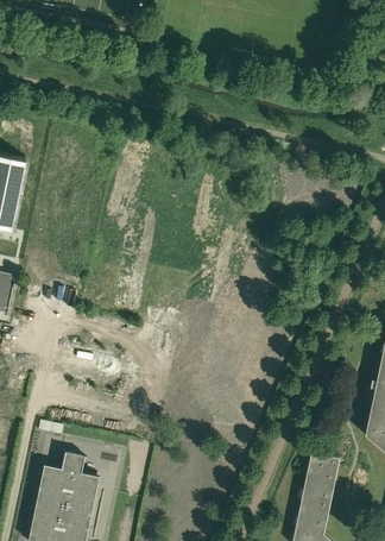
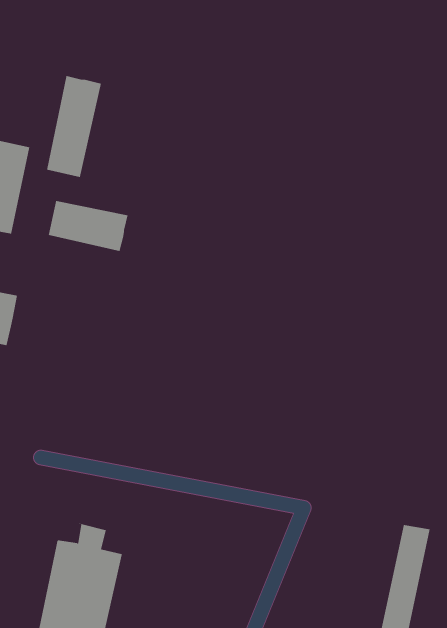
building: none -> [46,75,101,178]
building: none -> [48,200,128,252]

